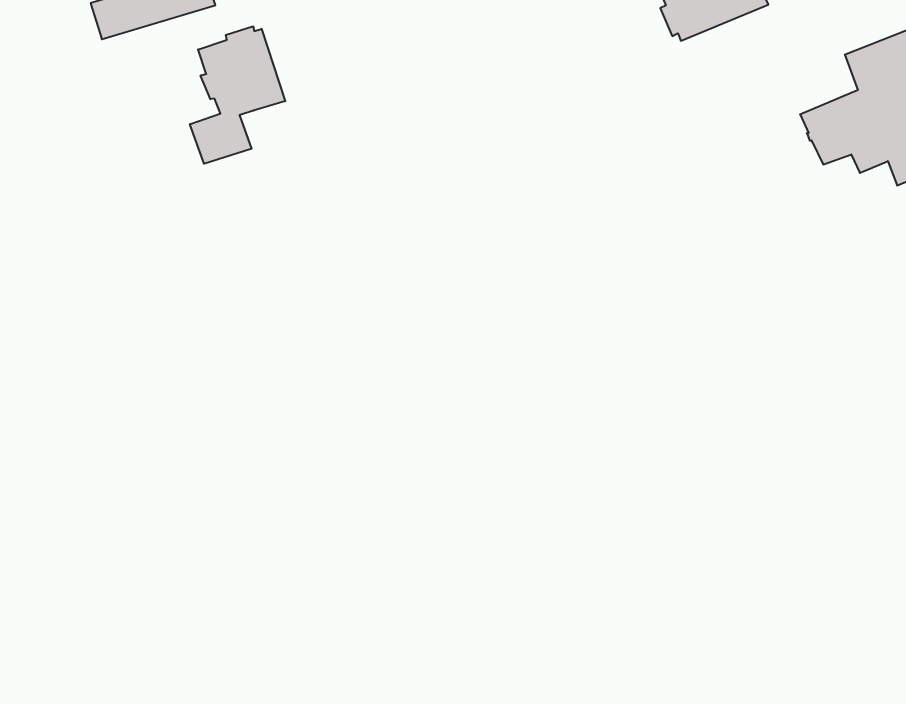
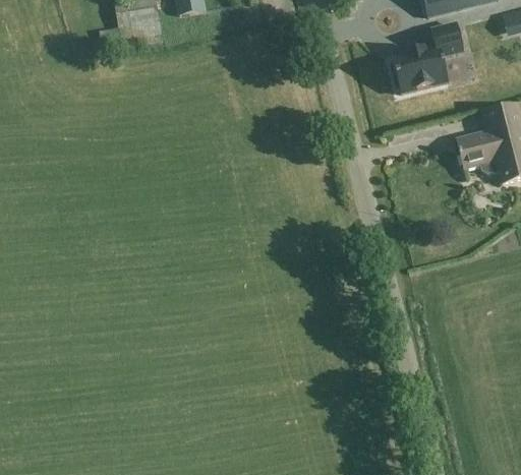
building: [190,26,285,164] -> none

